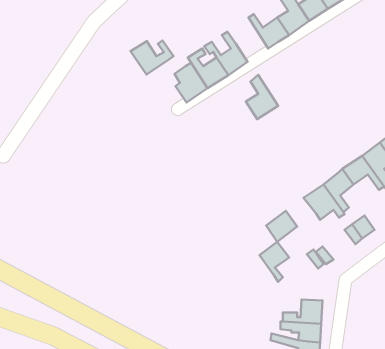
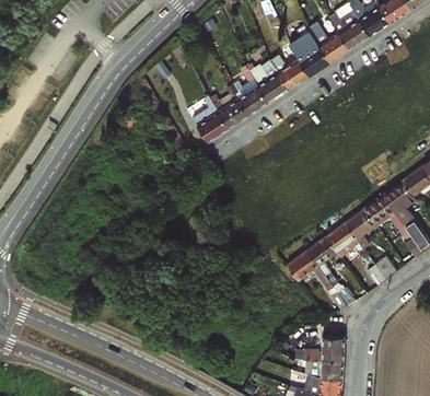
building: [131,40,173,74] -> none
building: [246,75,278,119] -> [258,58,290,102]
building: [259,242,289,282] -> [307,236,337,276]

